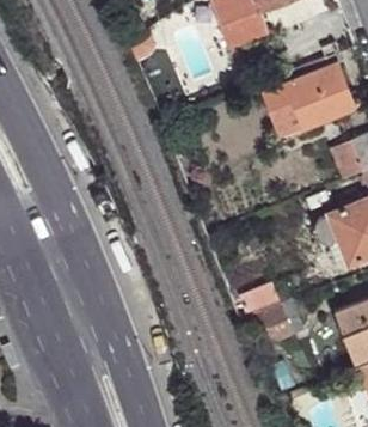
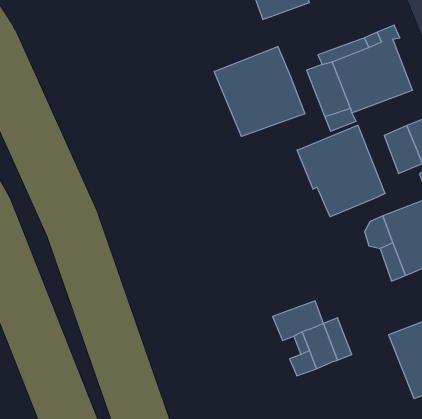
building: none -> [214,46,305,136]
building: none -> [297,125,385,217]

